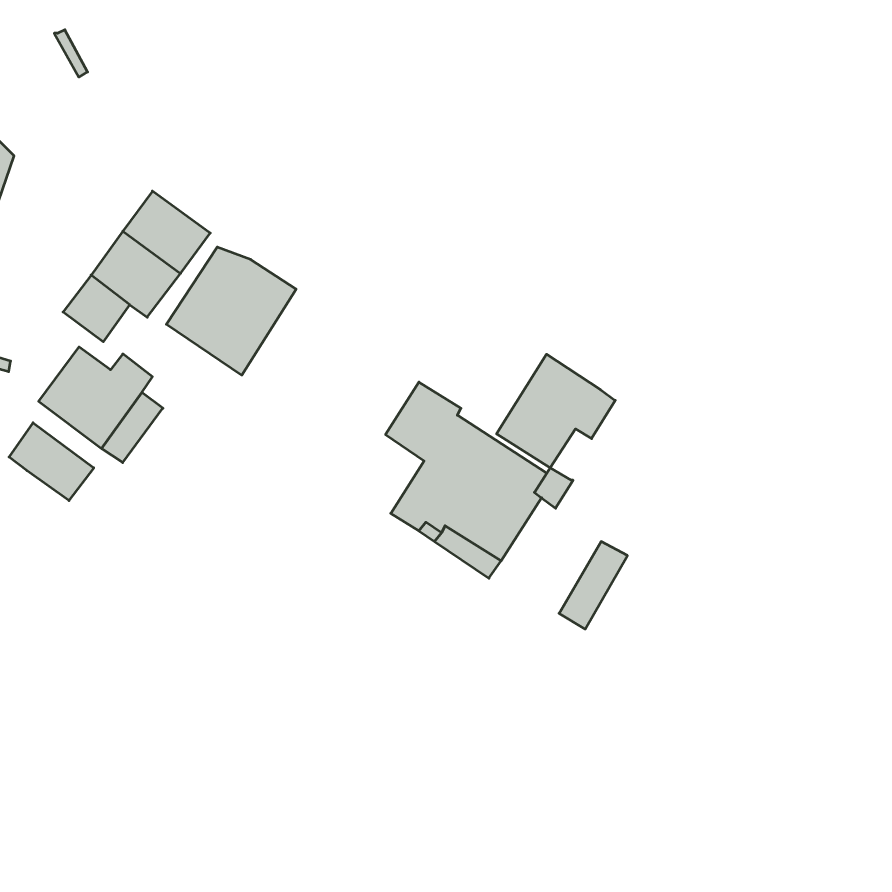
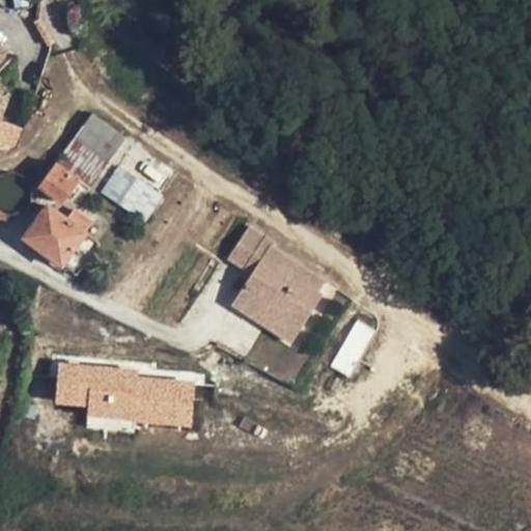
building: [497,354,615,468] -> none
building: [9,423,94,501] -> none
building: none -> [51,361,185,423]

